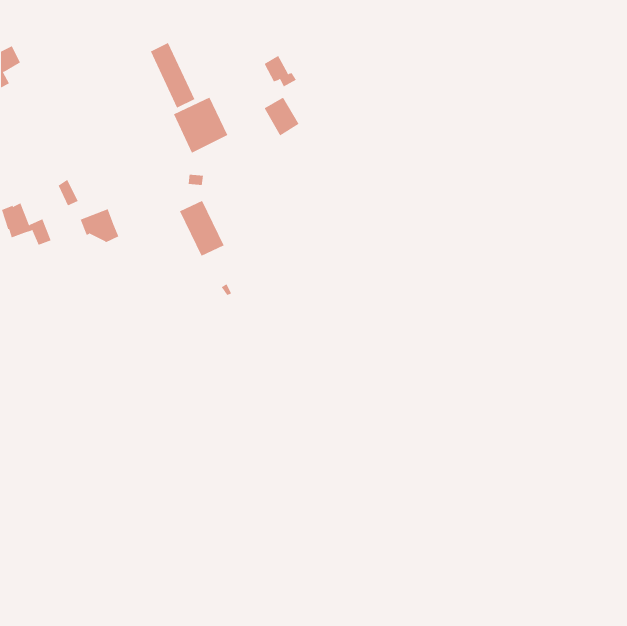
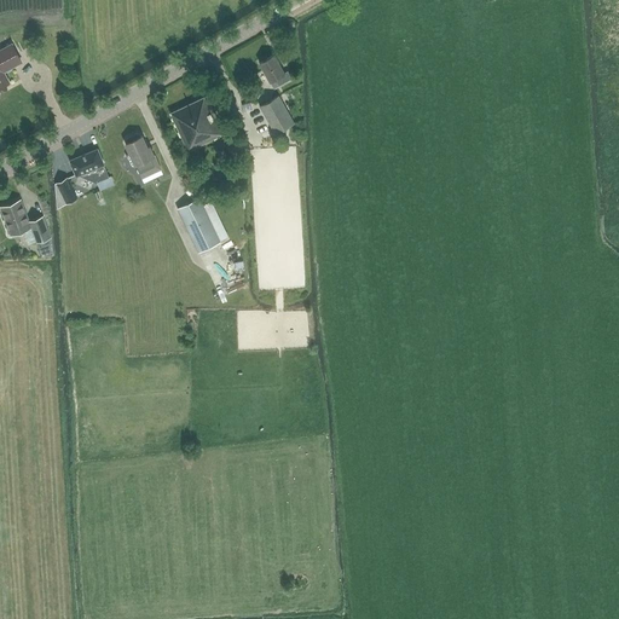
building: [150,42,195,108] -> none
building: none -> [126,135,156,174]
building: [80,208,119,243] -> [70,150,109,184]

